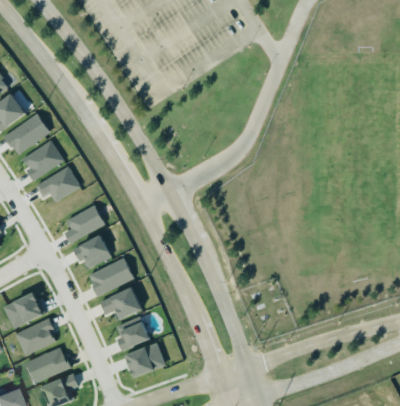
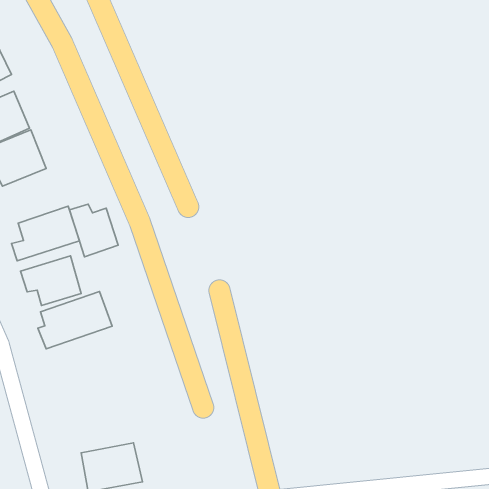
building: none -> [69,204,118,257]
building: [101,287,143,320] -> none
building: [118,322,151,350] -> none

